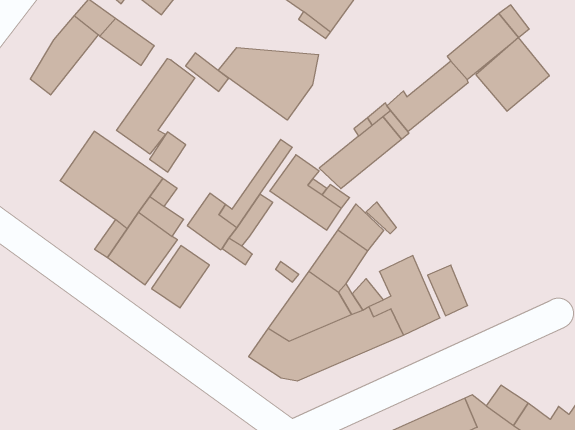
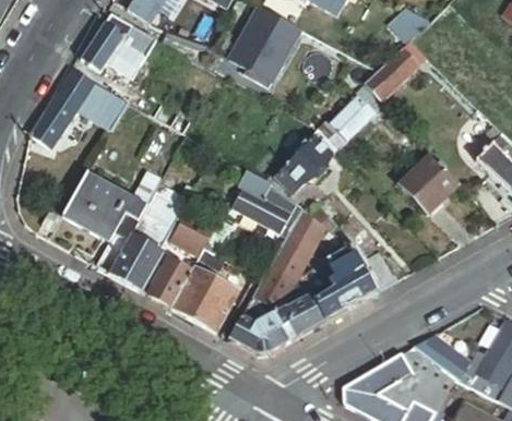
building: [476,38,549,111] -> [400,155,457,214]
building: [218,48,319,120] -> none
building: [117,59,195,154] -> none
building: none -> [171,266,239,332]

